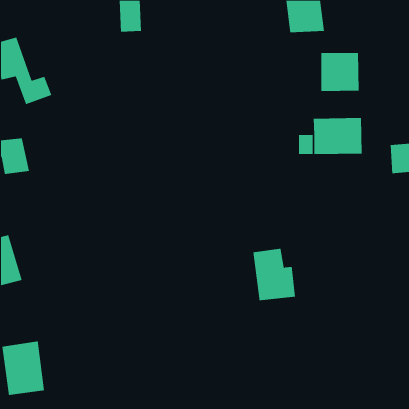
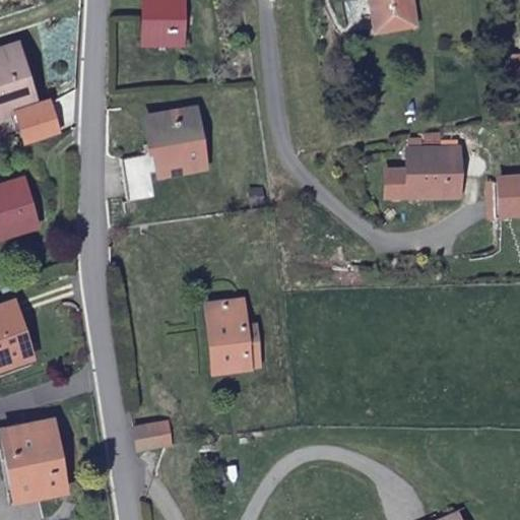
building: [321,52,359,92] -> none
building: none -> [122,112,202,201]
building: [252,248,296,301] -> [205,303,260,370]
building: none -> [135,418,177,442]

